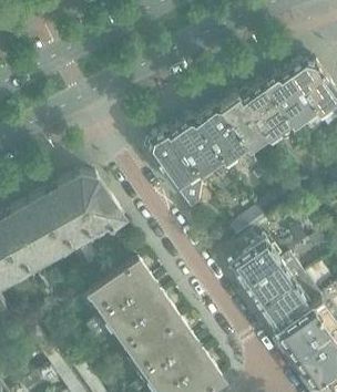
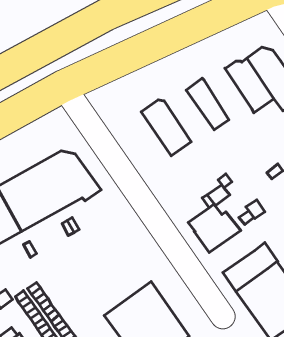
building: [241,84,294,145] -> none
building: [196,107,252,169] -> none
building: [149,131,205,214] -> none
building: [246,257,308,311] -> none
building: [88,262,182,359] -> none

